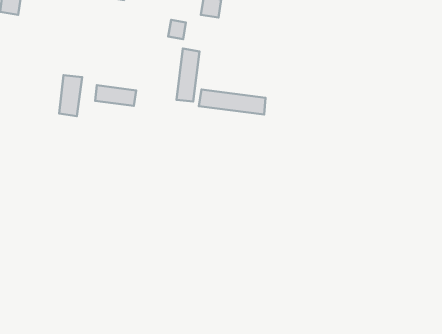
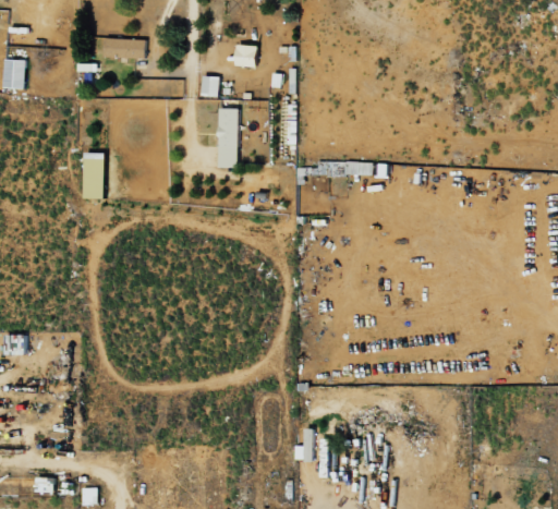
building: [95,85,136,106] -> none
building: [199,90,266,115] -> none

